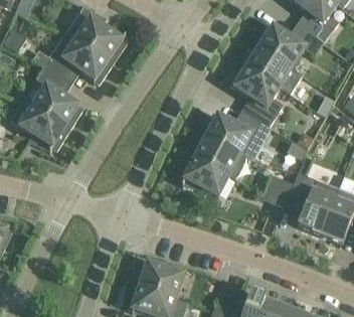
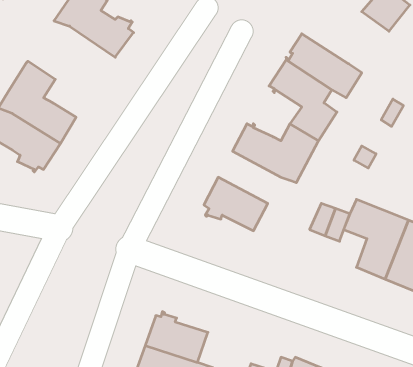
building: [256,24,324,67] -> none
building: [33,34,113,83] -> none
building: [192,135,246,178] -> none

